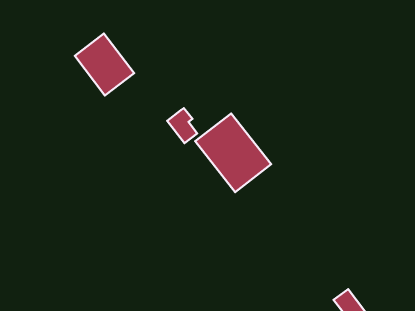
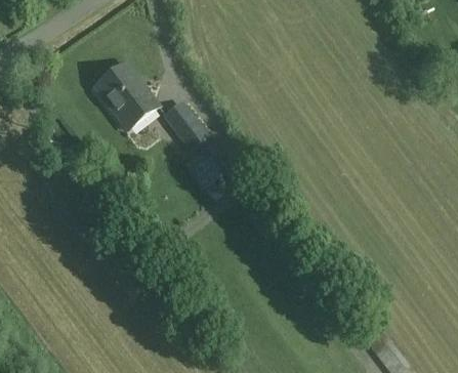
building: none -> [164,100,209,150]
building: [195,113,271,192] -> none

